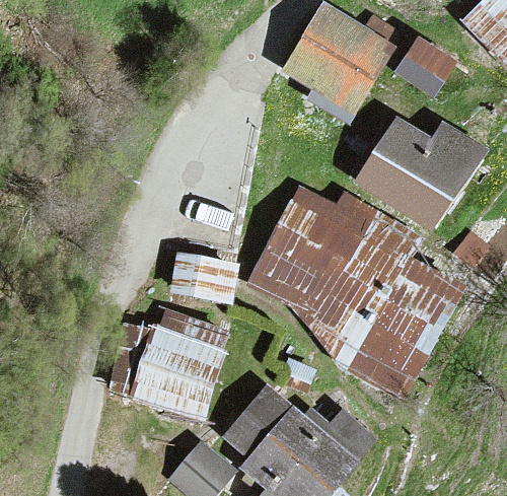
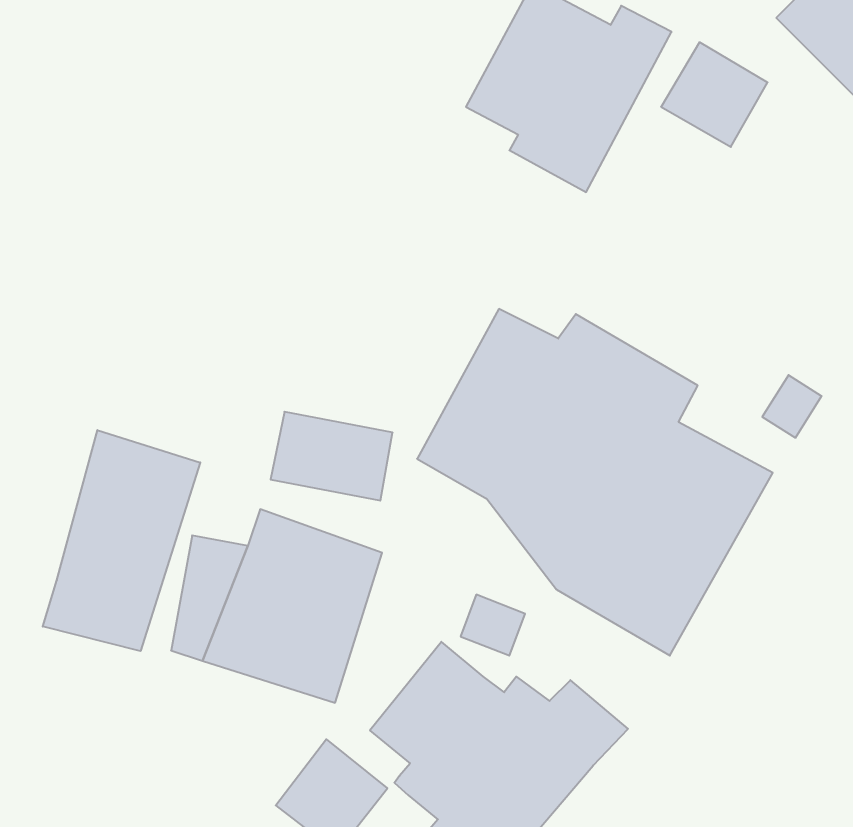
building: [358,119,482,228] -> none
building: none -> [43,430,200,651]

